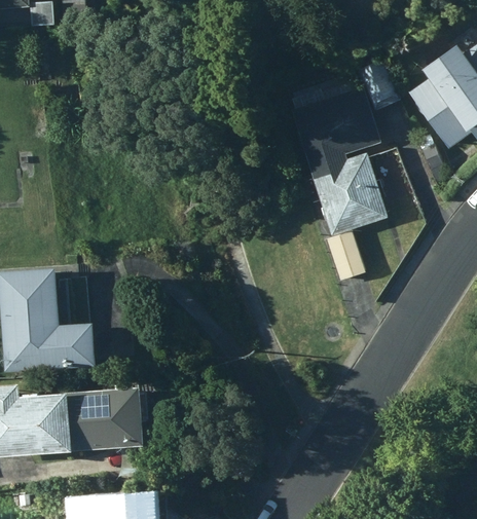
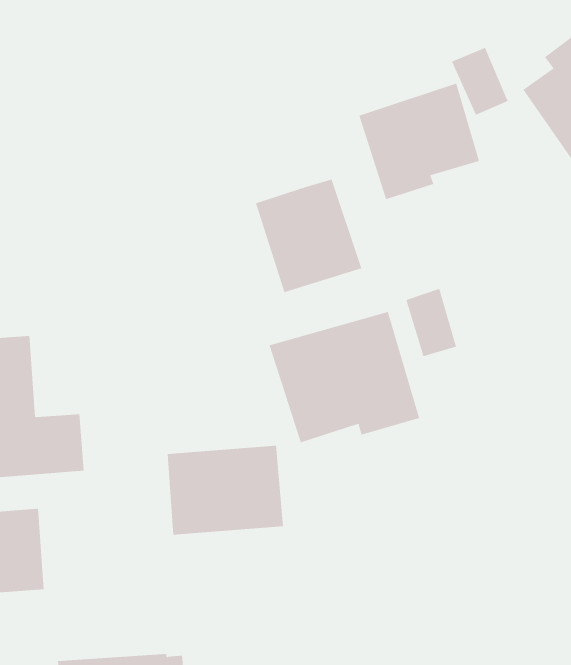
building: [310,153,388,235] -> [255,179,362,293]
building: none -> [269,311,420,443]
building: [61,386,145,451] -> [167,445,284,535]

